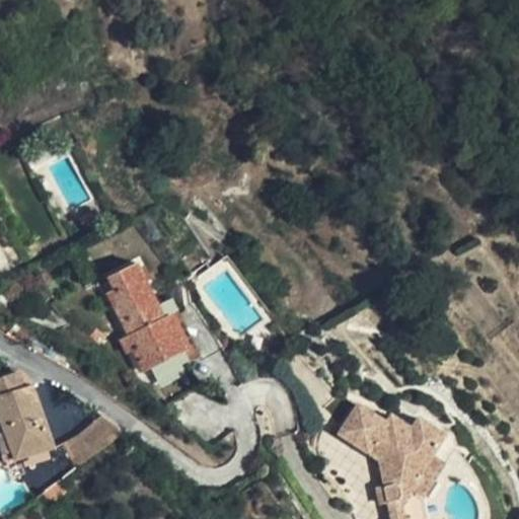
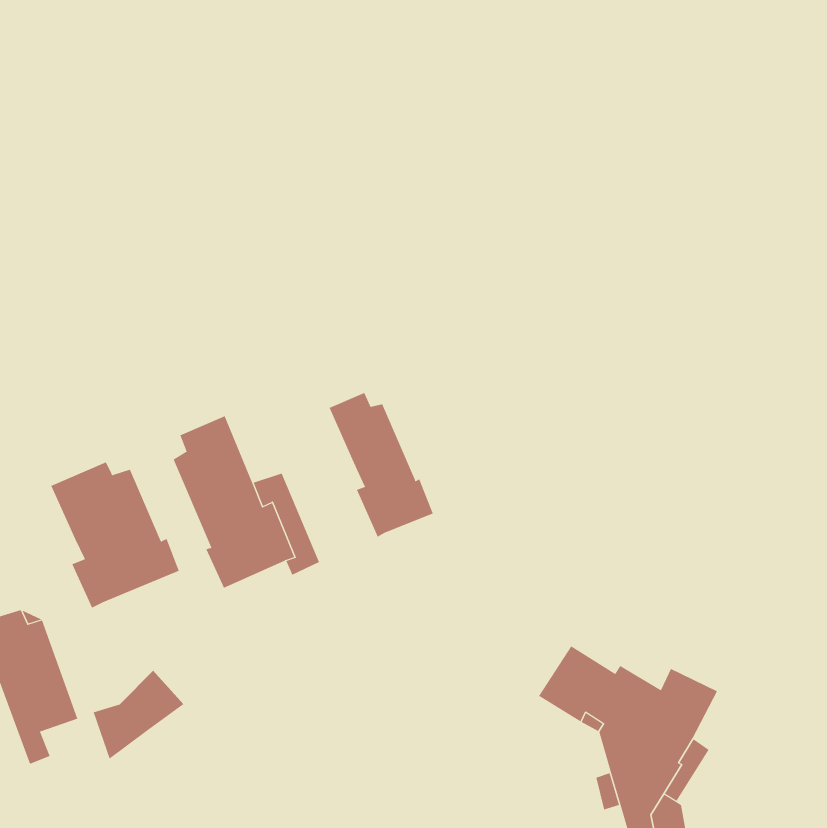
building: none -> [329,392,433,537]
building: none -> [50,461,180,608]

